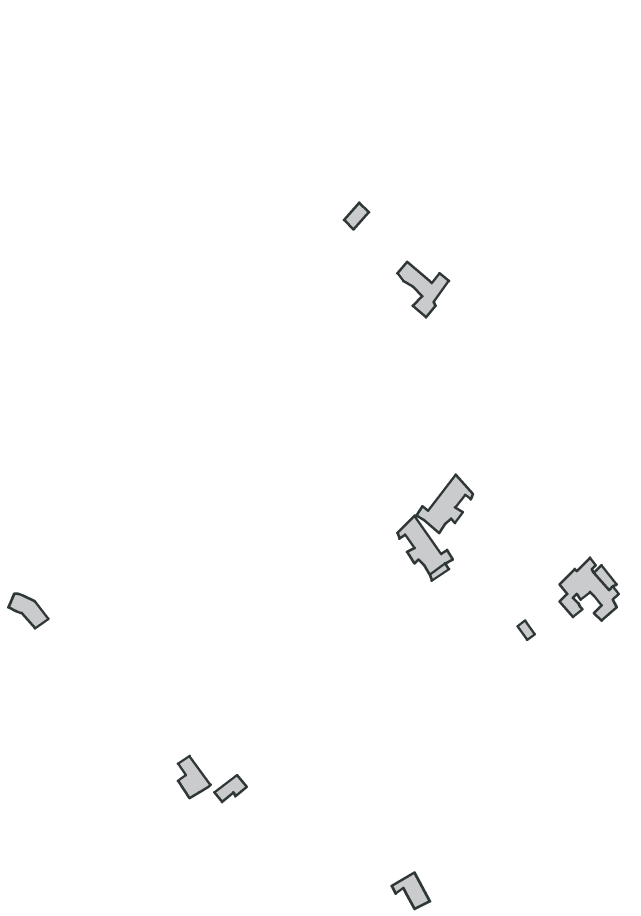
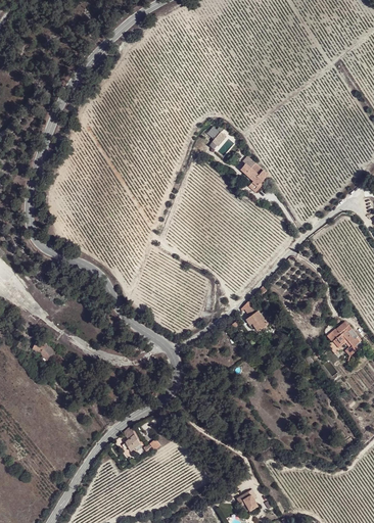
building: [416,475,473,533] -> none

